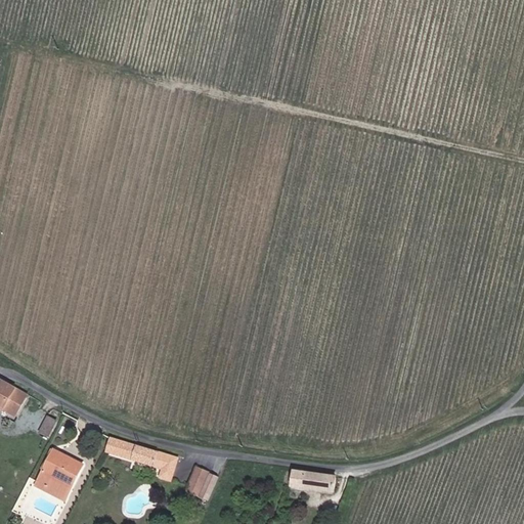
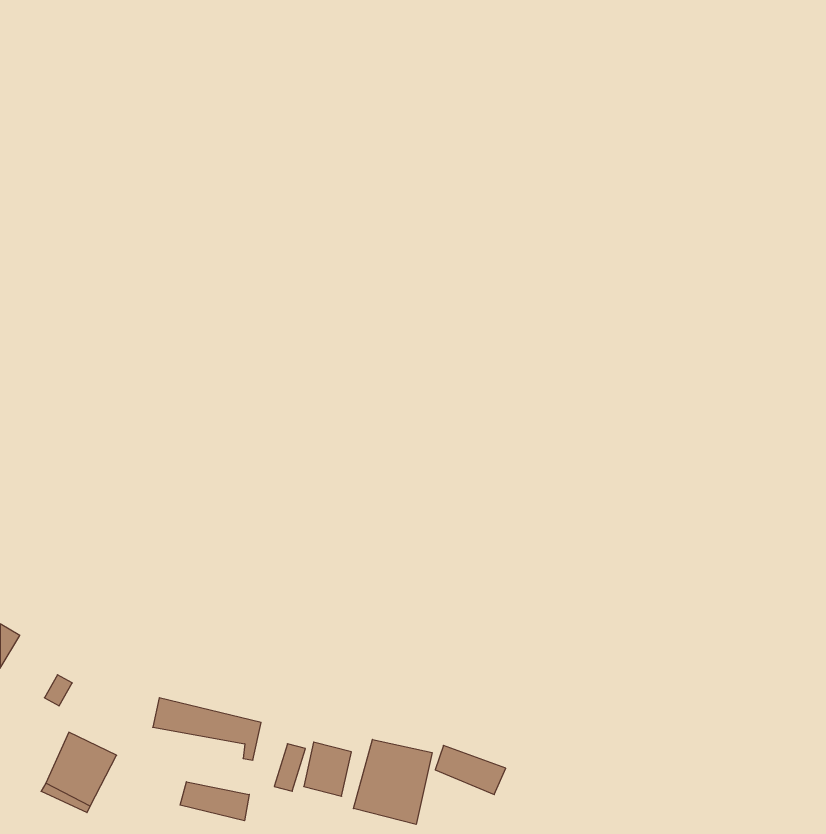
building: none -> [353,739,432,824]
building: none -> [180,782,249,821]

